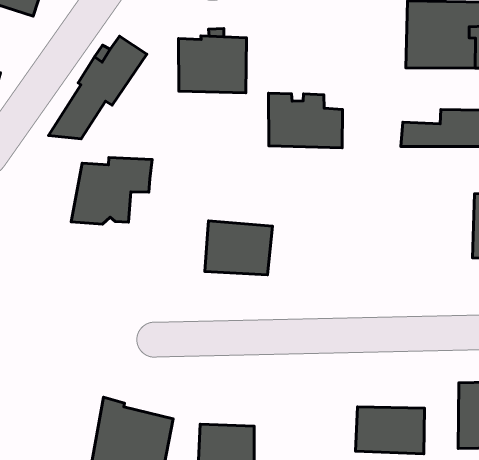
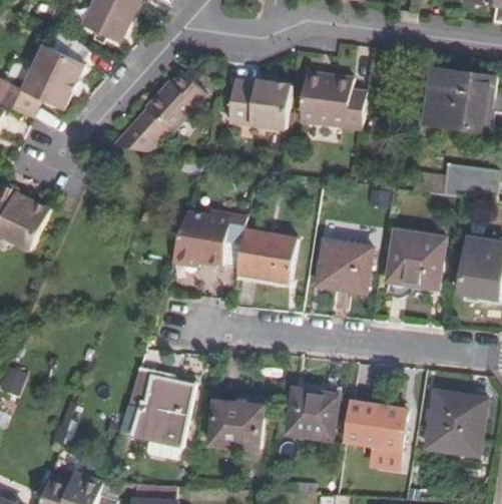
building: [269,93,342,148] -> [302,76,367,129]
building: [71,157,152,224] -> [172,209,246,266]
building: none -> [385,229,442,287]
building: none -> [318,239,371,293]
building: none -> [288,389,337,438]

